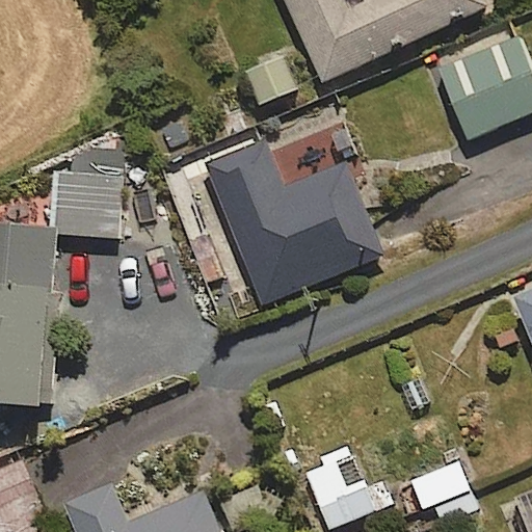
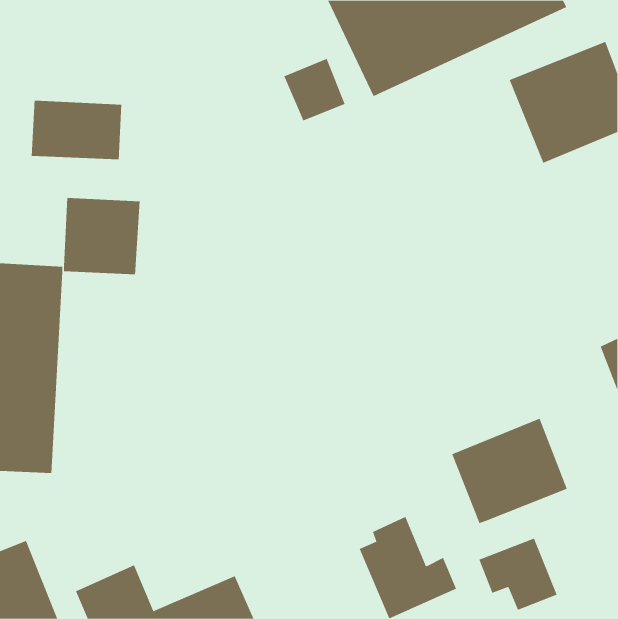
building: none -> [31,100,122,160]
building: [203,134,381,301] -> none
building: none -> [452,418,568,524]

